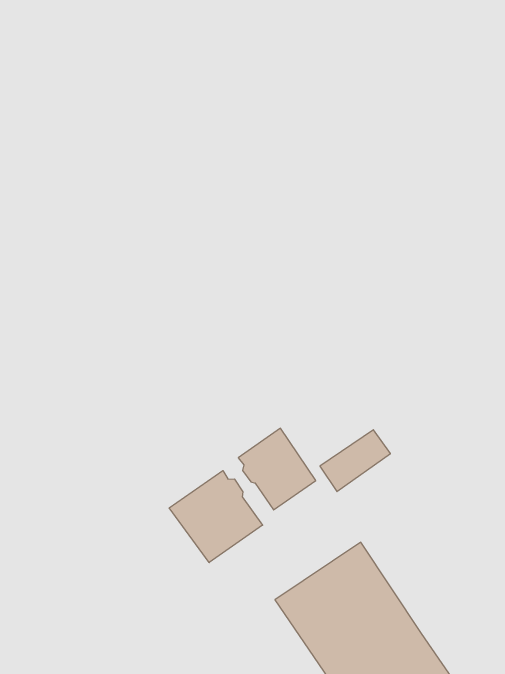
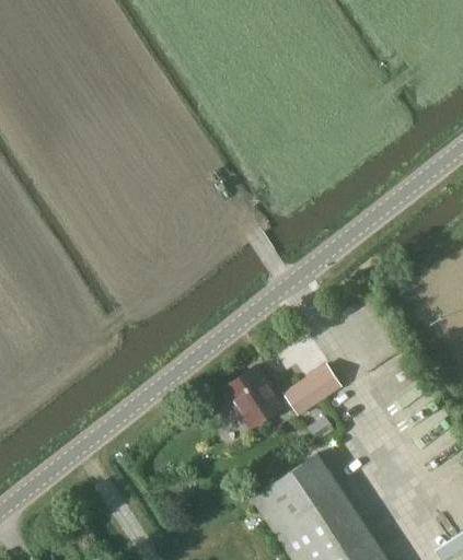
building: [169,471,263,563] -> none

